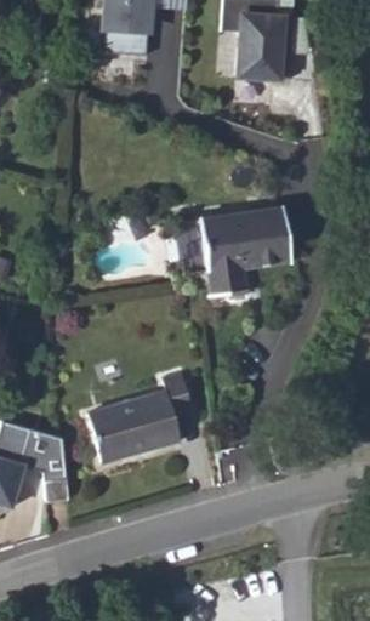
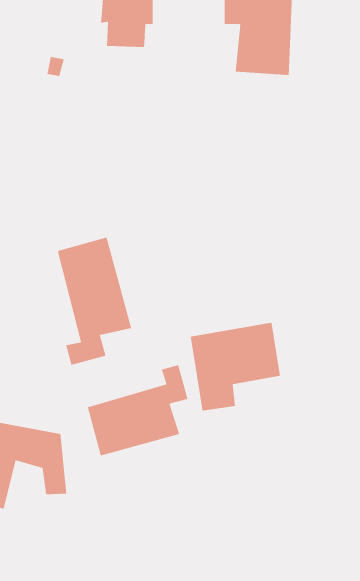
building: [200,205,291,295] -> [190,322,281,411]
building: none -> [57,237,132,366]

